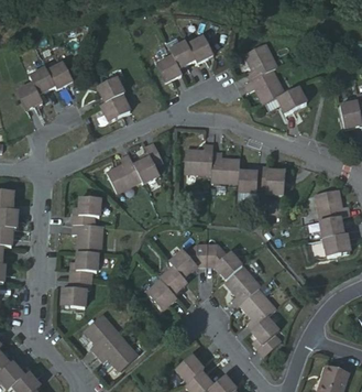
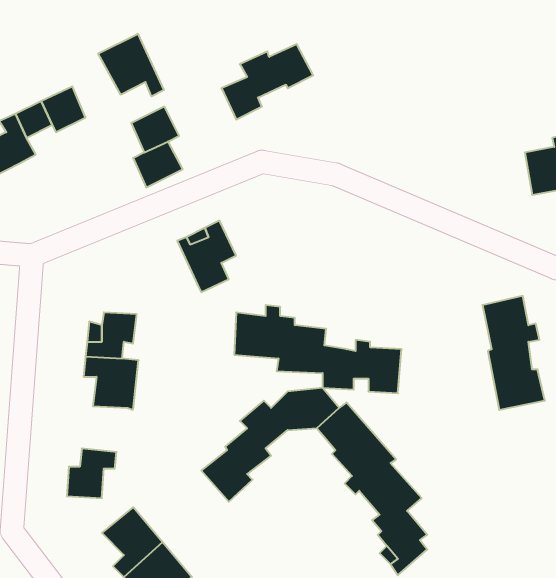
building: none -> [98,34,164,96]
building: [242,42,306,113] -> none
building: [184,143,284,196] -> [234,305,402,393]
building: [107,154,142,194] -> none
building: [73,253,100,281] -> none

